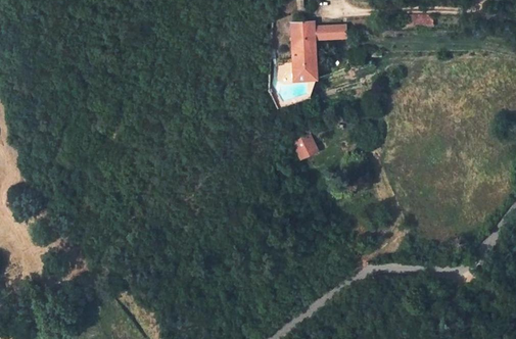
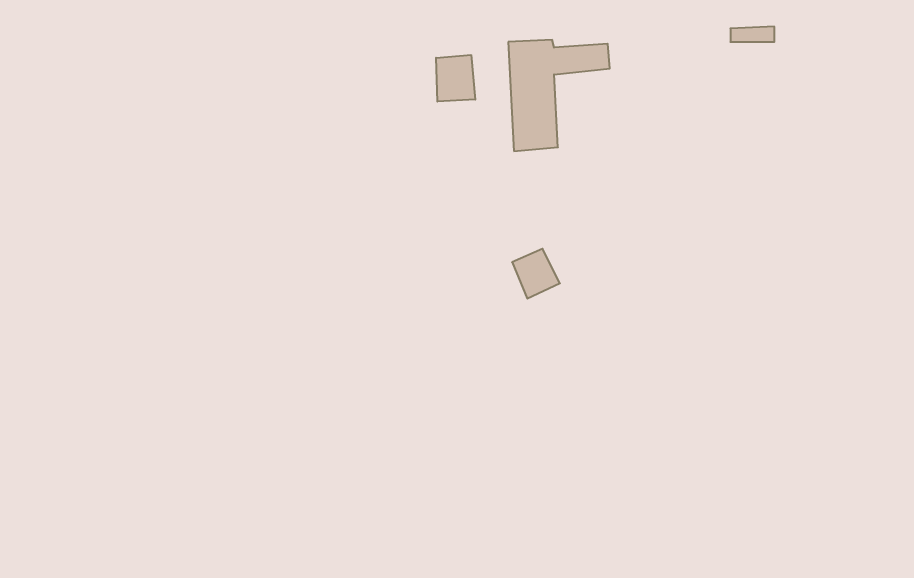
building: none -> [436,55,475,102]

